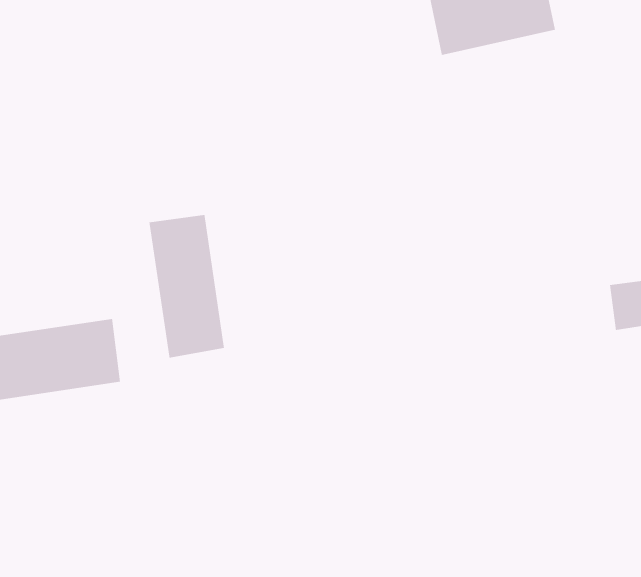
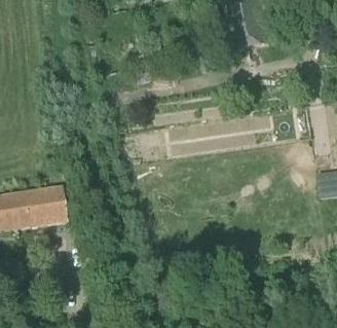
building: [149,214,224,358] -> none

